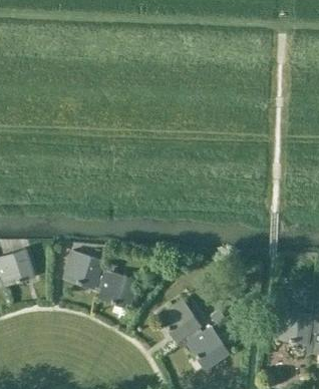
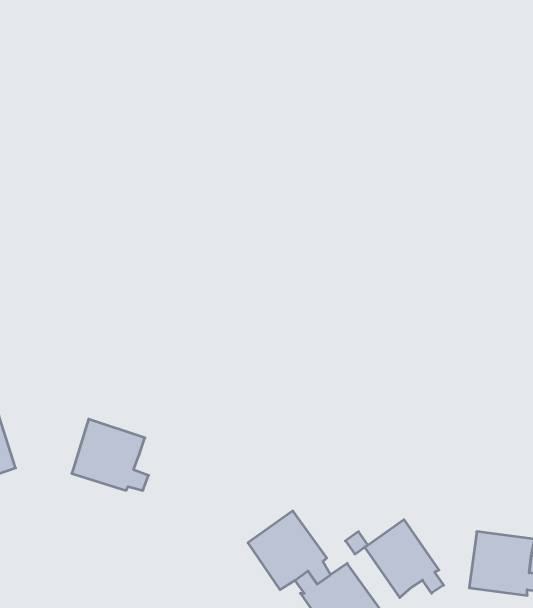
building: [97,270,137,309] -> none
building: none -> [365,520,444,598]

